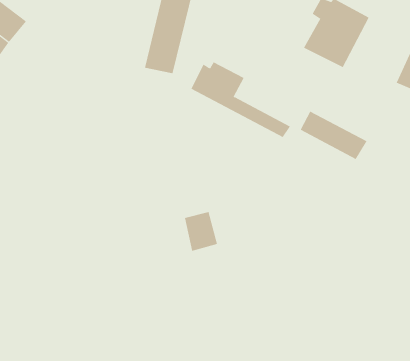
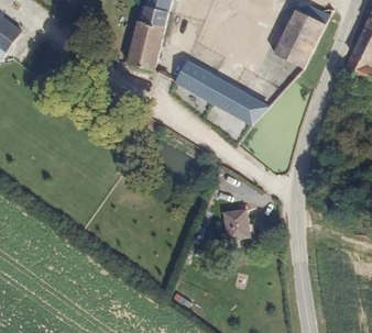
building: [300,111,367,160] -> [207,75,266,118]
building: [184,211,218,252] -> [221,206,251,241]

